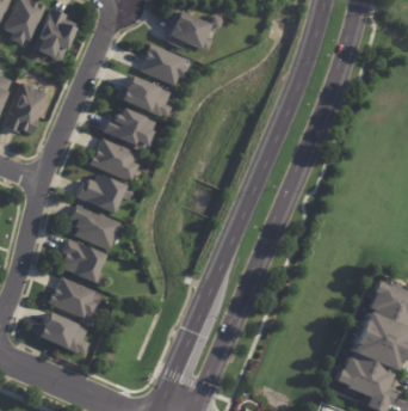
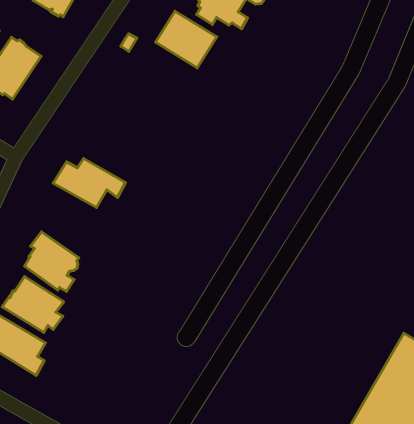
building: [117,74,169,118] -> none
building: [101,106,153,148] -> none
building: [88,137,137,179] -> none
building: [69,204,119,250] -> none

